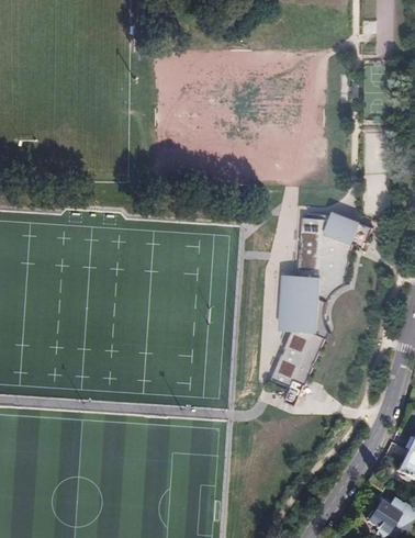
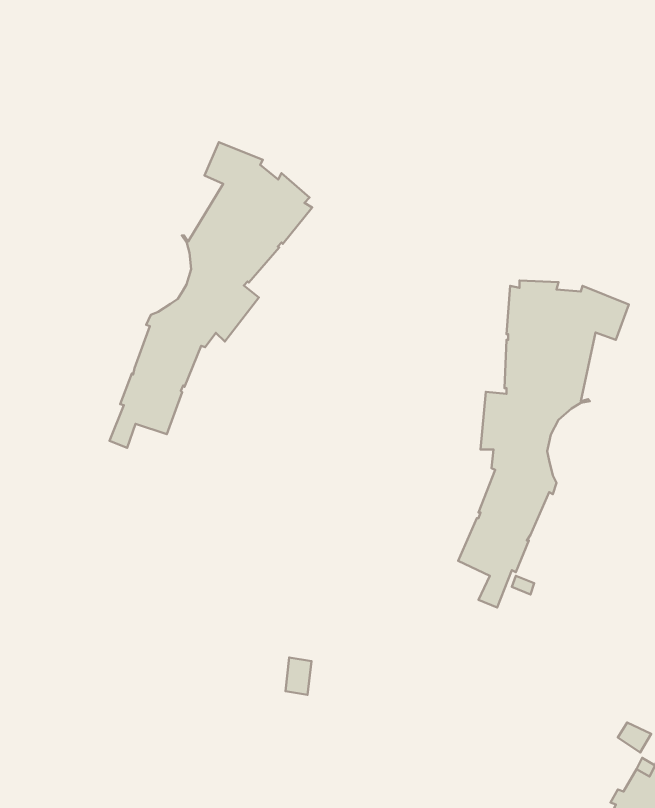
building: none -> [110,142,312,448]

